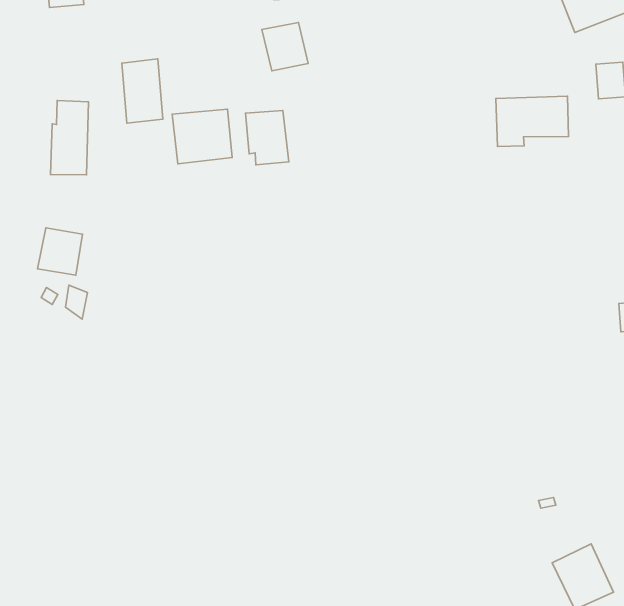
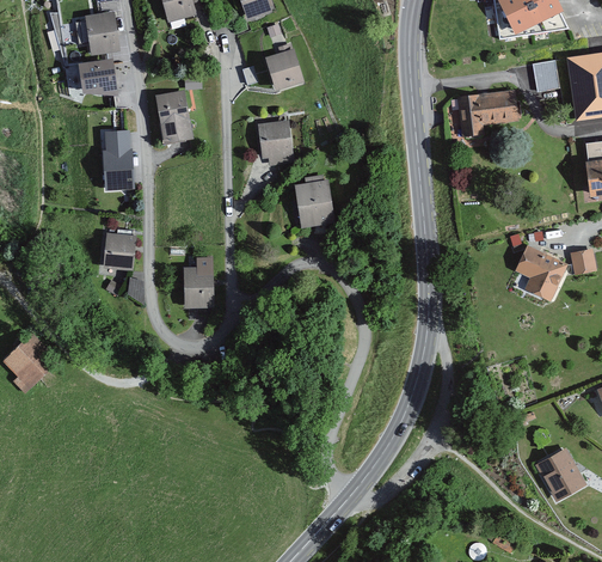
building: none -> [79,56,119,93]
building: [172,109,232,164] -> none
building: none -> [294,178,333,225]
building: none -> [182,265,213,307]
building: none -> [512,243,566,299]

